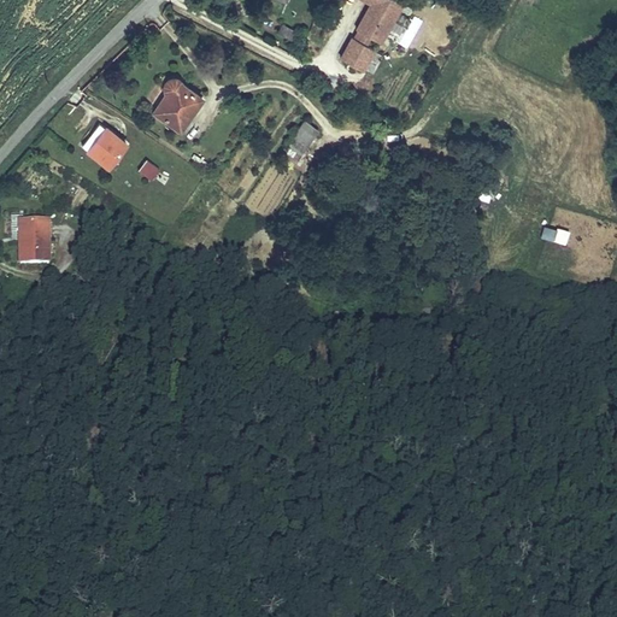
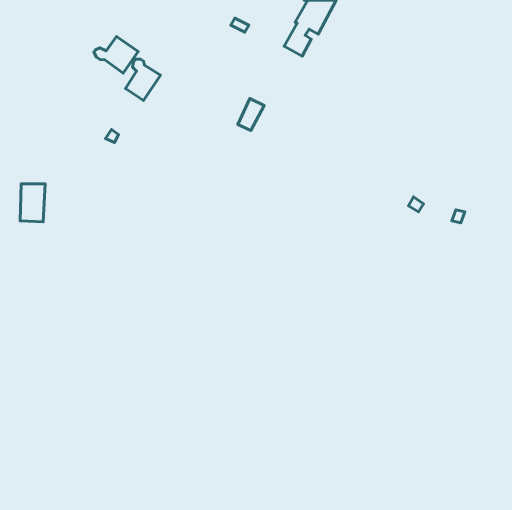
building: none -> [94,37,138,73]
building: [81,125,124,165] -> none

